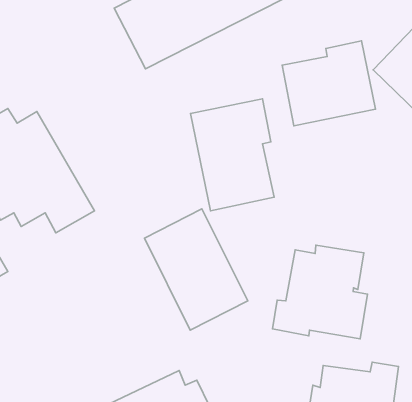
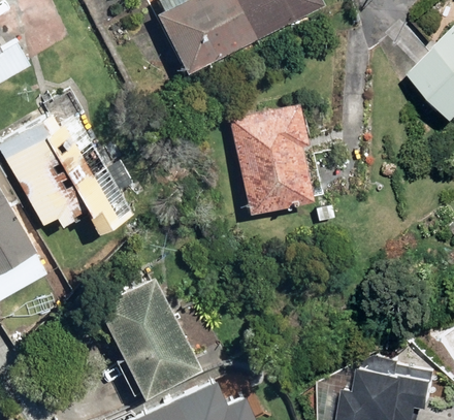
building: [282,41,375,126] -> none
building: [144,209,248,330] -> [94,278,196,397]
building: [272,245,368,339] -> none

